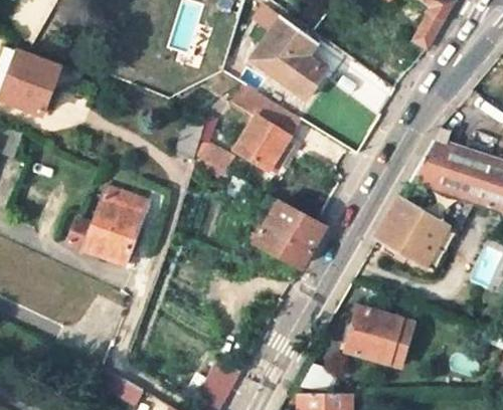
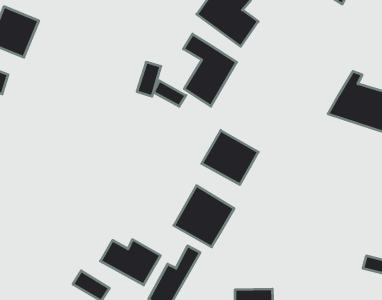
building: [68,187,148,263] -> none
building: [374,198,449,268] -> none
building: none -> [174,186,234,247]
building: [345,312,400,367] -> none
building: none -> [100,240,160,285]

